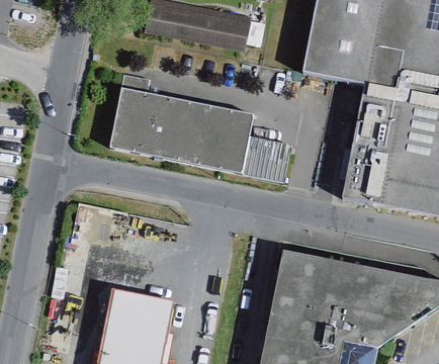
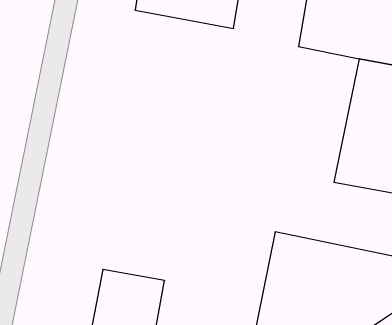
building: [114,87,297,180] -> none

